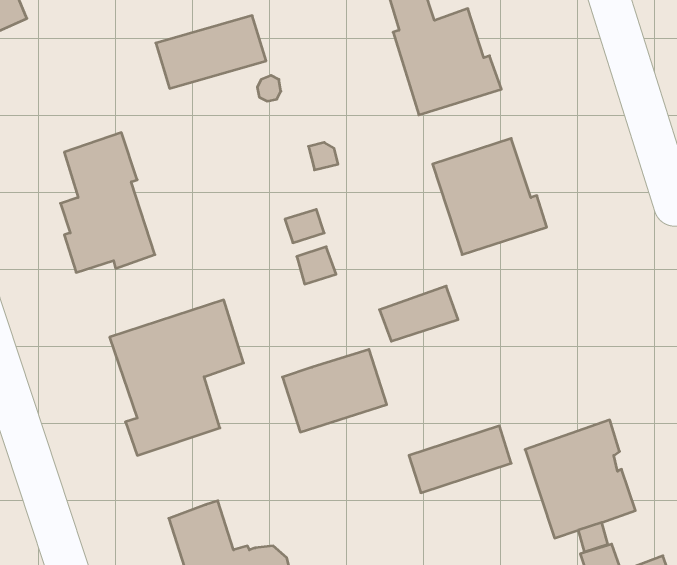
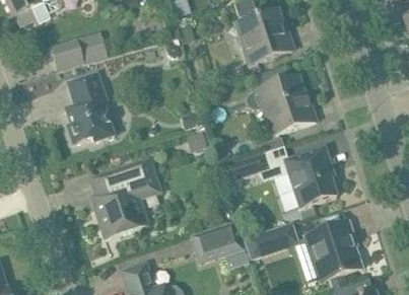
building: [156,16,266,88] -> [50,32,107,70]
building: none -> [284,147,336,207]
building: [282,349,387,432] -> [190,220,244,263]

